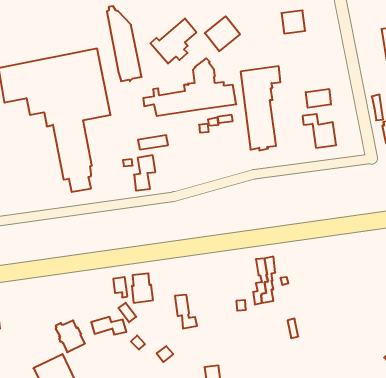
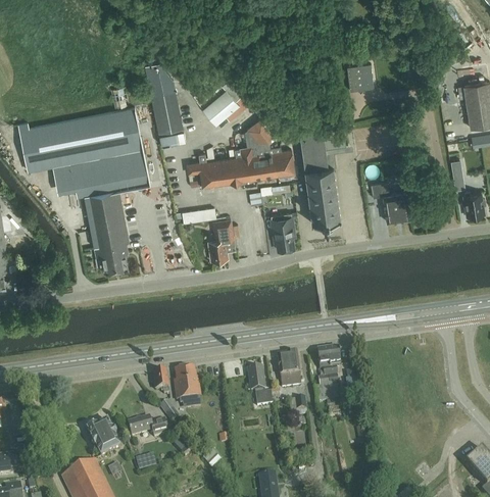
building: [205,16,240,51] -> none
building: [306,89,331,108] -> none
building: none -> [271,213,295,251]
building: [134,155,155,191] -> [209,220,234,261]
building: none -> [277,353,300,388]
building: [175,295,197,329] -> [248,368,274,407]

